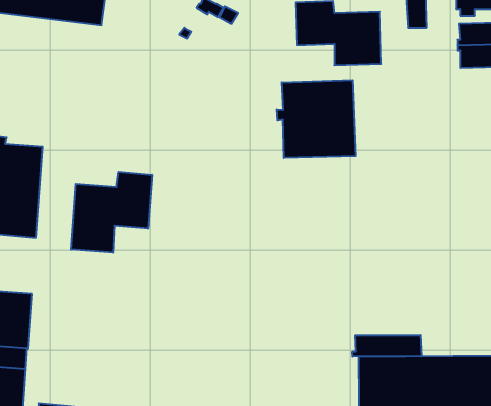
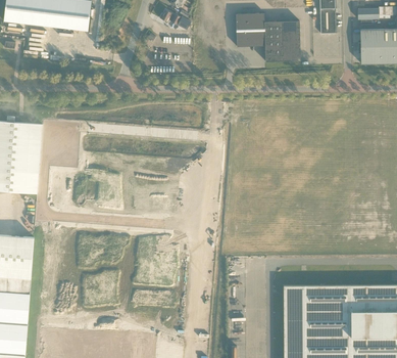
building: [277,80,356,158] -> none
building: [71,172,152,253] -> none
building: [352,335,421,357] -> none

